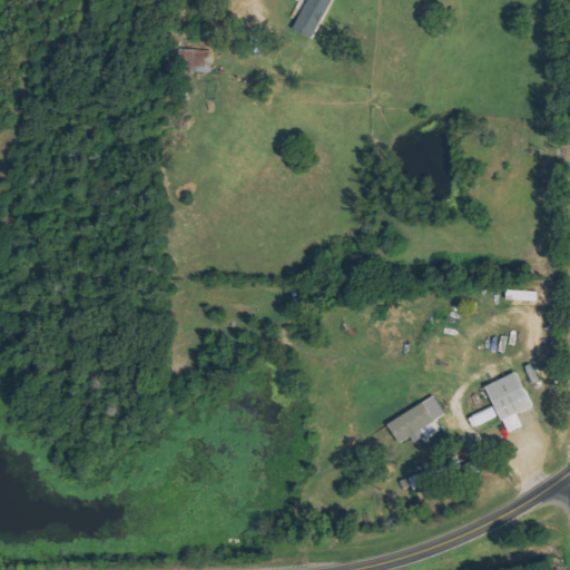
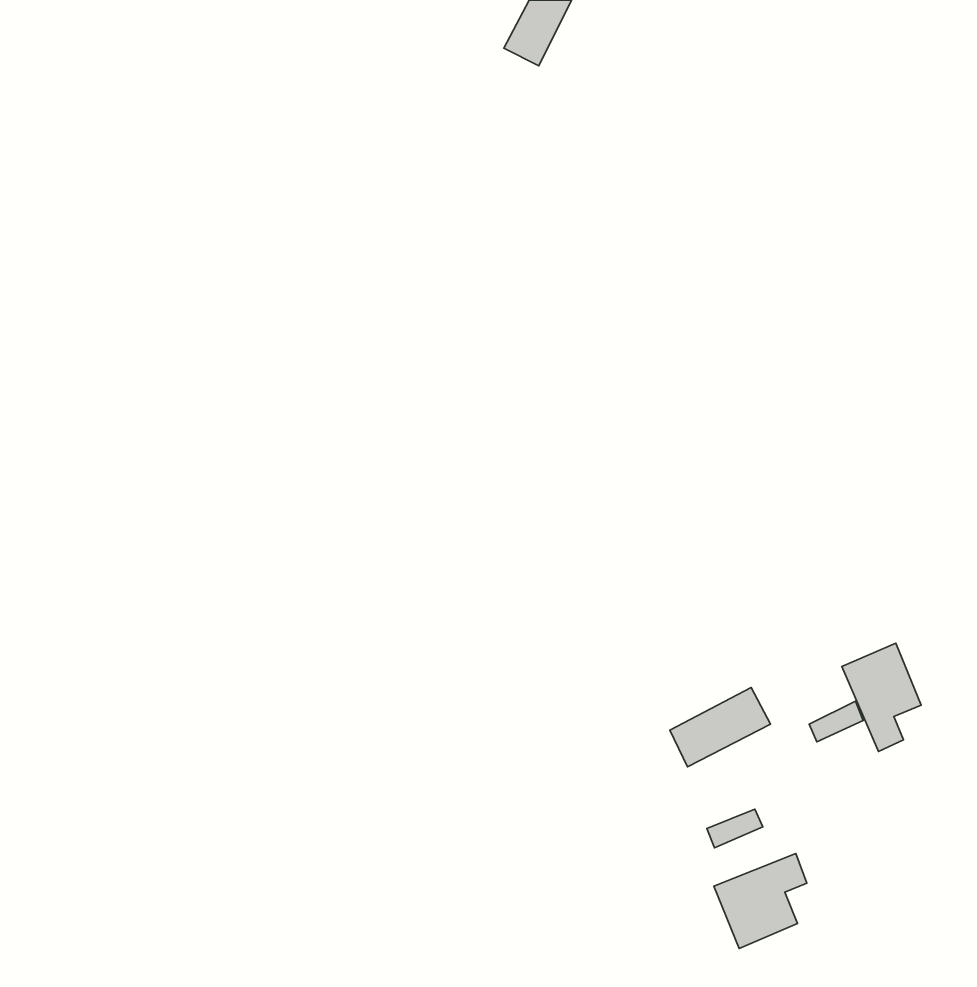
building: [179,49,208,71] -> none
building: none -> [714,853,807,949]

